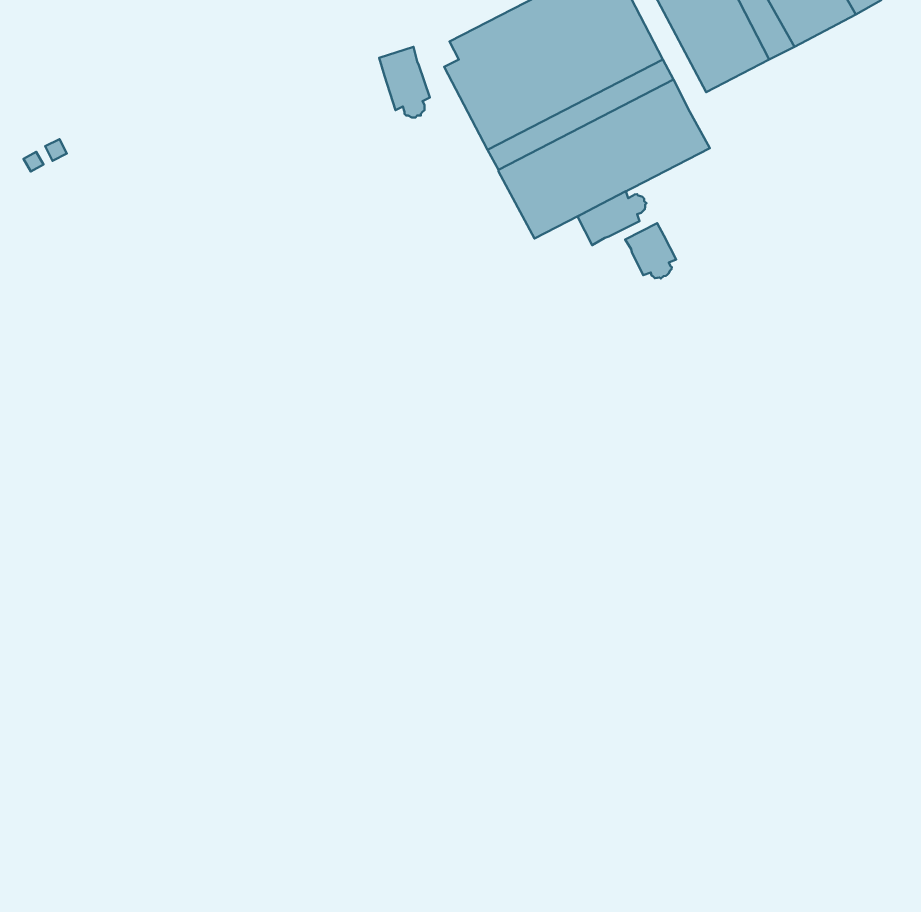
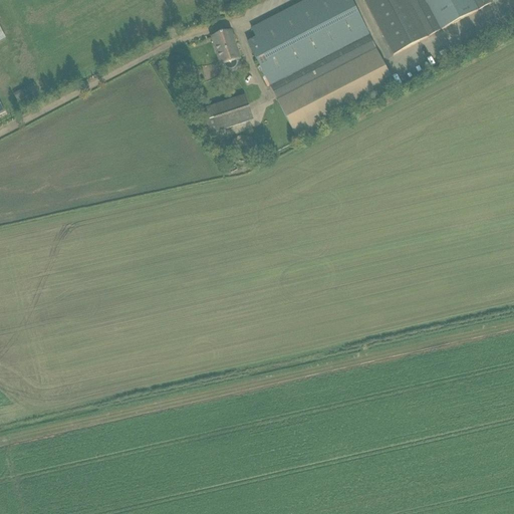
building: none -> [197,90,251,131]
building: [577,191,647,245] -> none
building: [625,223,676,278] -> none

